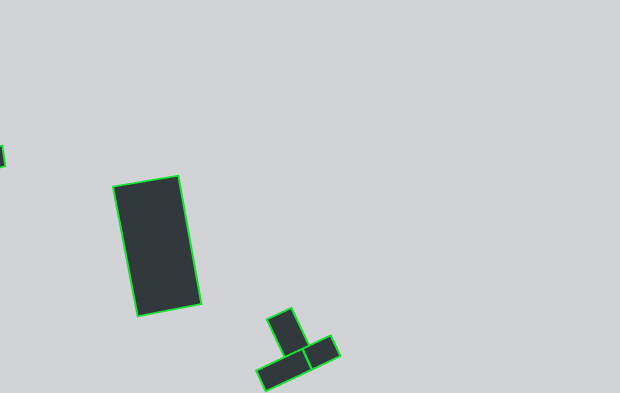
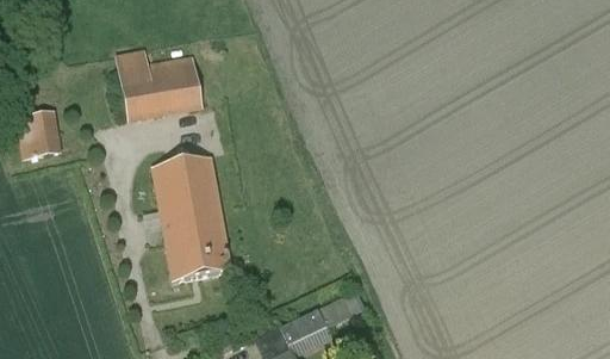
building: none -> [119,56,201,117]
building: [267,308,309,357] -> none

